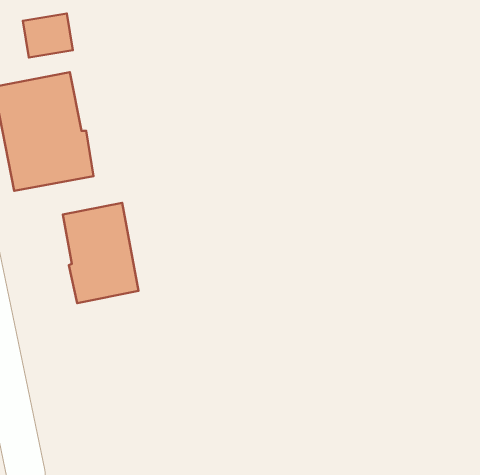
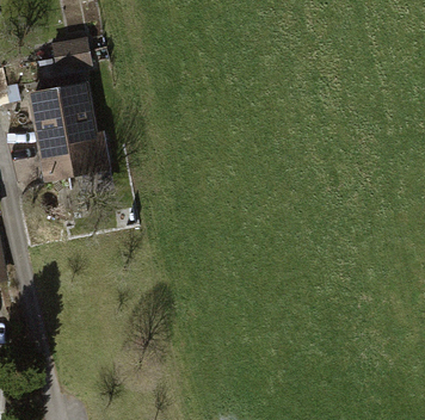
building: [63,203,139,303] -> none

